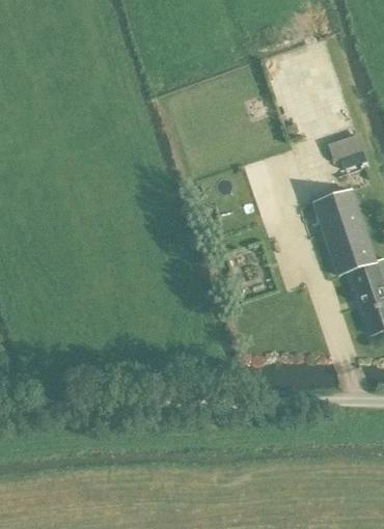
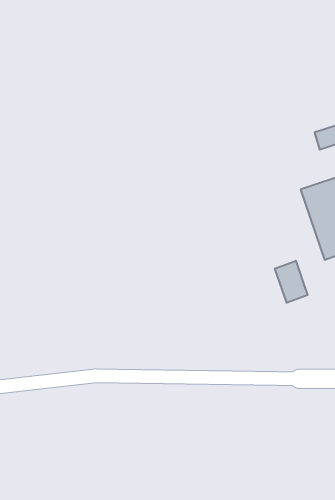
building: none -> [275,261,308,303]

